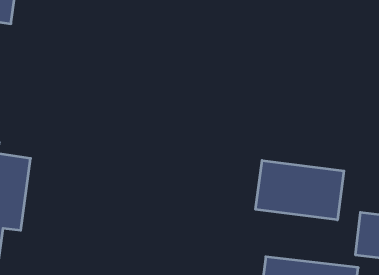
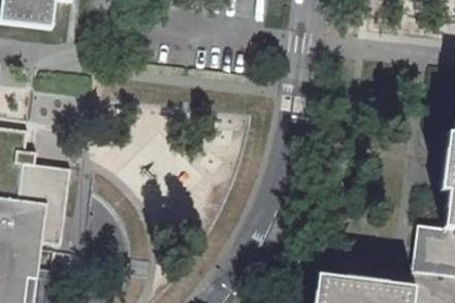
building: [256,160,344,220] -> none

